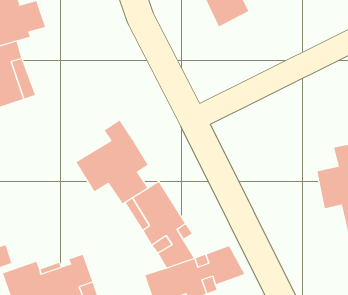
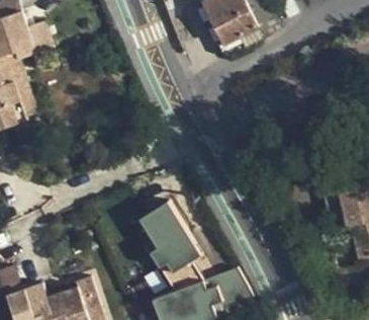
building: [76,119,148,204] -> none

